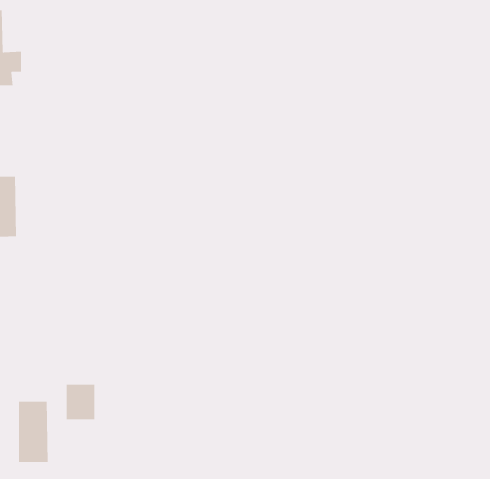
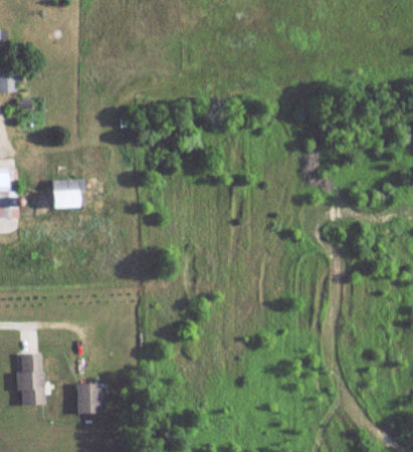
building: none -> [50,180,83,207]
building: [66,384,95,420] -> [76,384,100,414]

